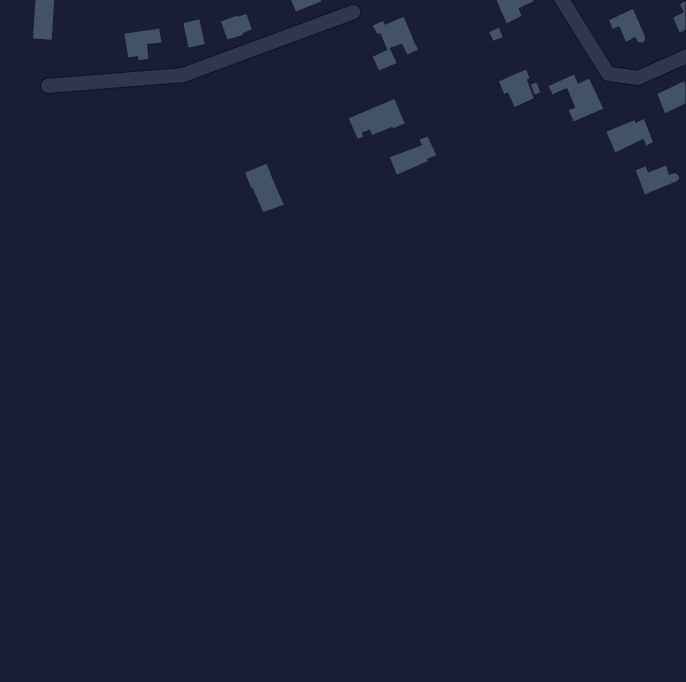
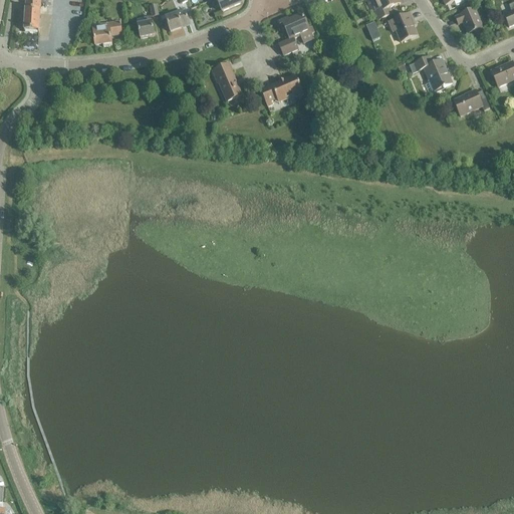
building: [498,69,534,108] -> [389,11,416,40]
building: [389,136,437,175] -> none
building: [244,163,284,213] -> [212,62,242,99]
building: [635,164,680,195] -> none

